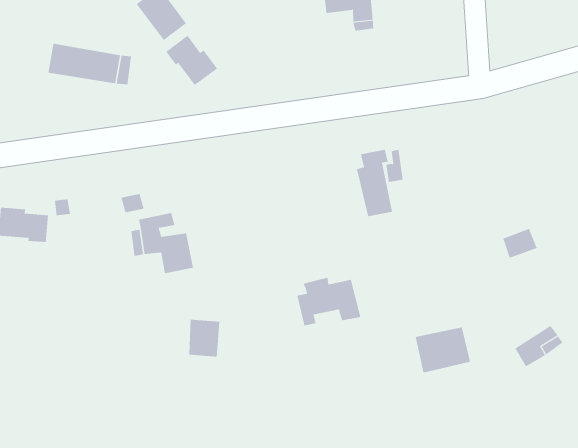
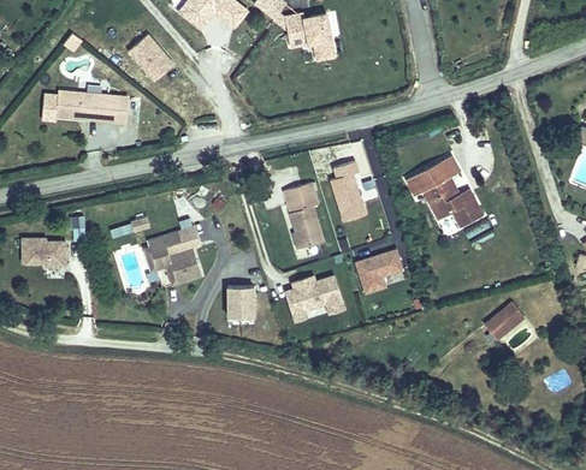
building: [165,35,218,86] -> none
building: none -> [407,156,483,230]
building: none -> [284,182,322,246]
building: [189,319,220,357] -> [227,286,254,317]
building: [415,327,471,373] -> [356,250,407,293]

